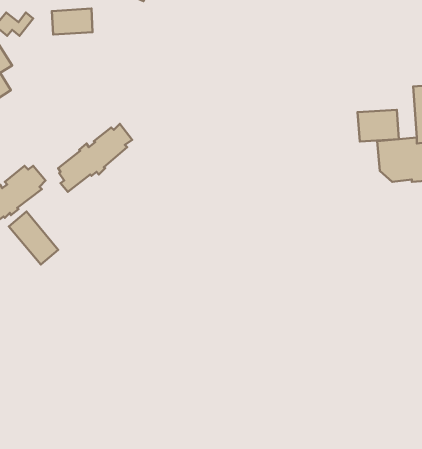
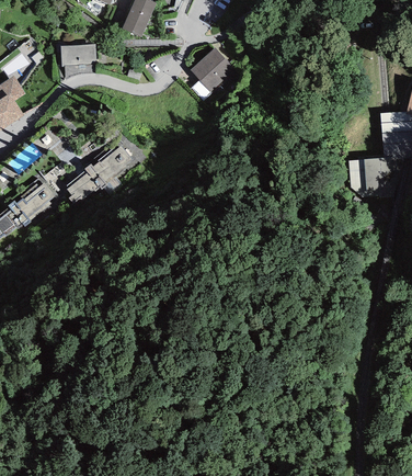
building: none -> [190,47,234,91]
building: [358,110,399,142] -> none
building: [9,211,58,265] -> none

